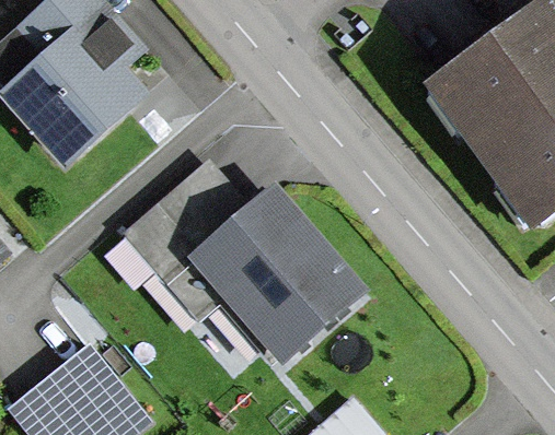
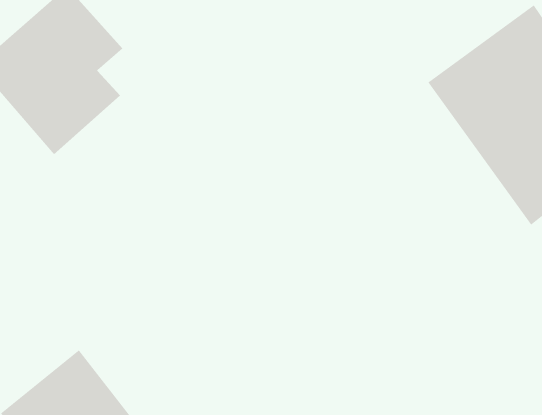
building: [188,185,359,358] -> none

